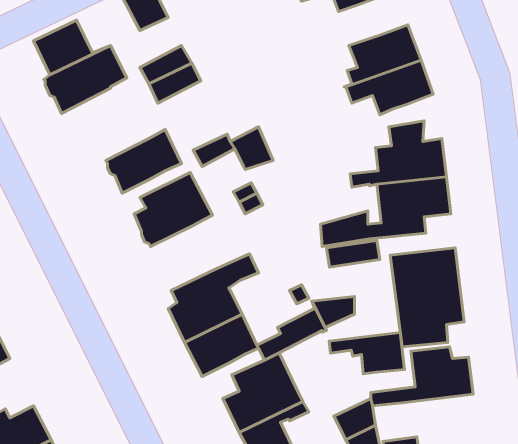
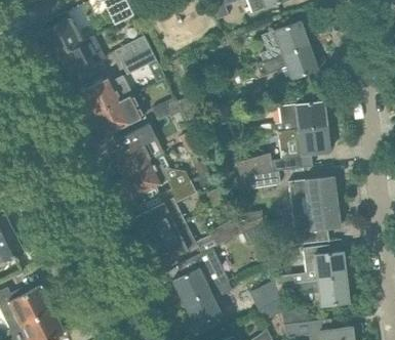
building: none -> [80,75,132,115]
building: none -> [122,156,171,197]
building: [329,332,405,374] -> [297,277,349,305]

